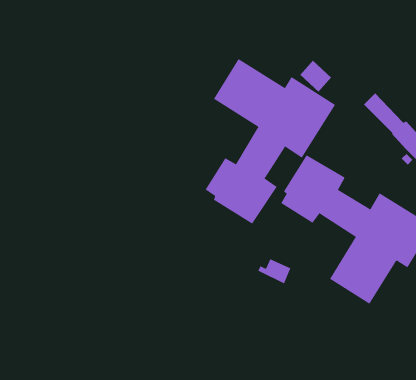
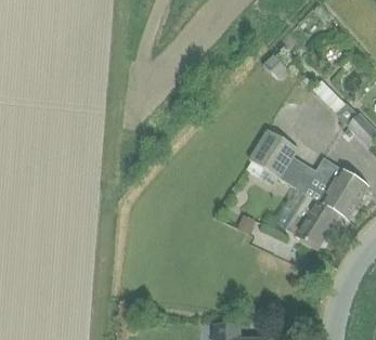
building: [205,58,336,224] -> none

